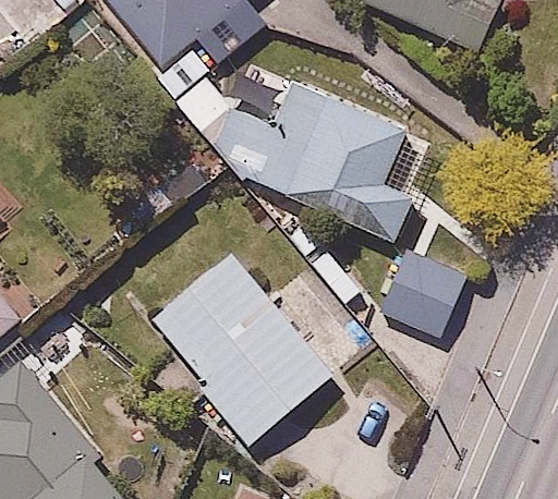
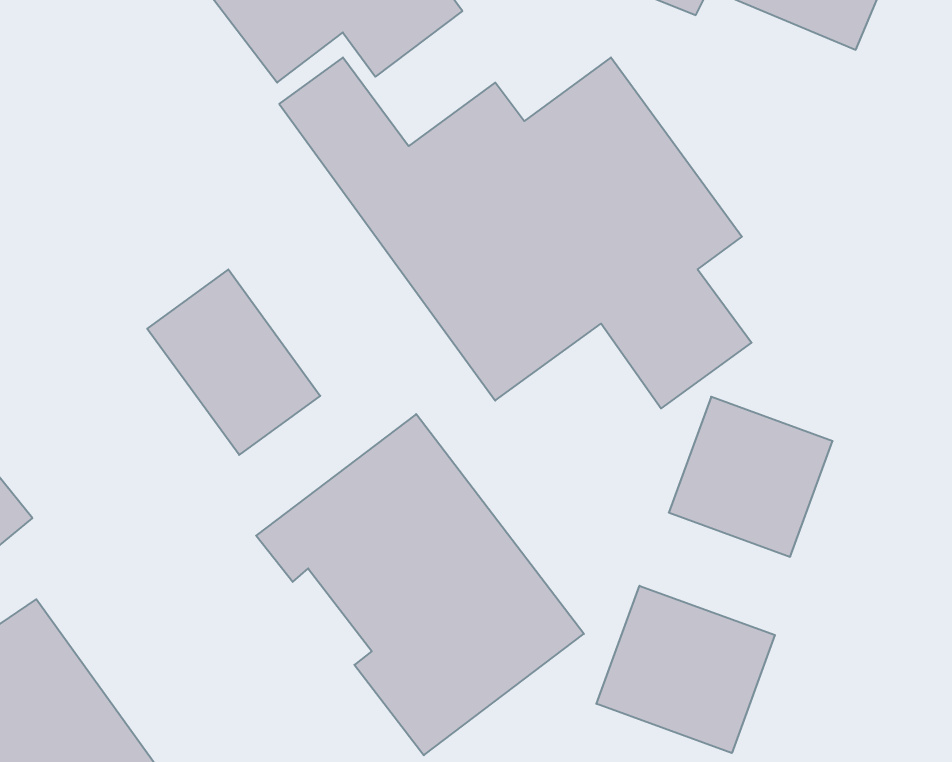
building: none -> [147,269,320,455]
building: none -> [596,586,775,753]

